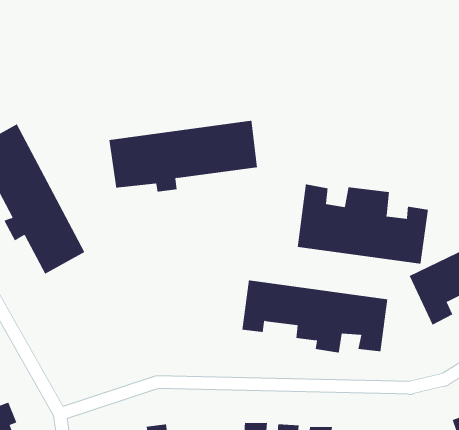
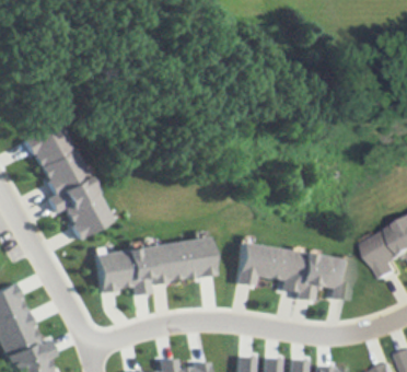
building: [108,120,258,192] -> [93,237,211,294]
building: [297,183,429,265] -> none

